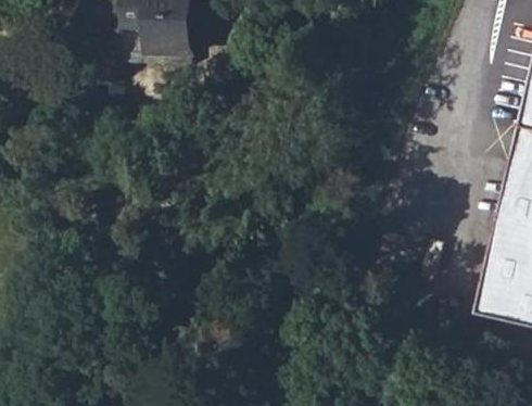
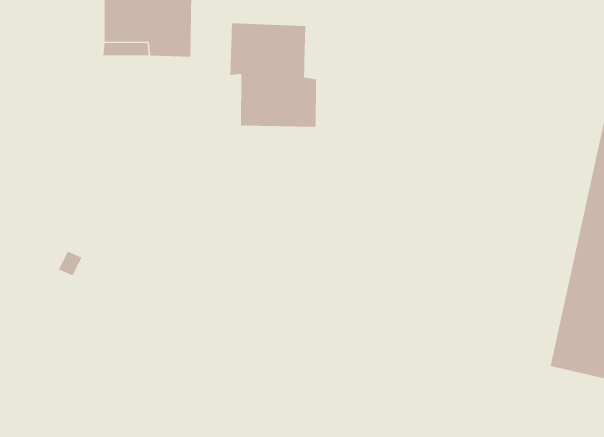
building: none -> [230,23,316,127]

